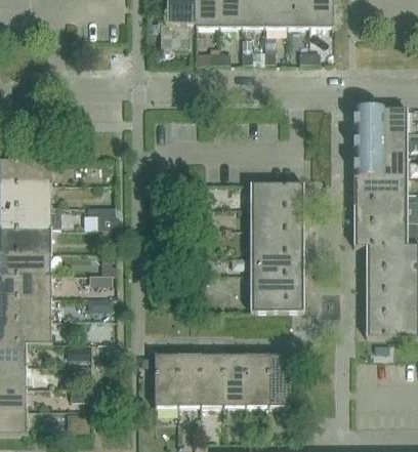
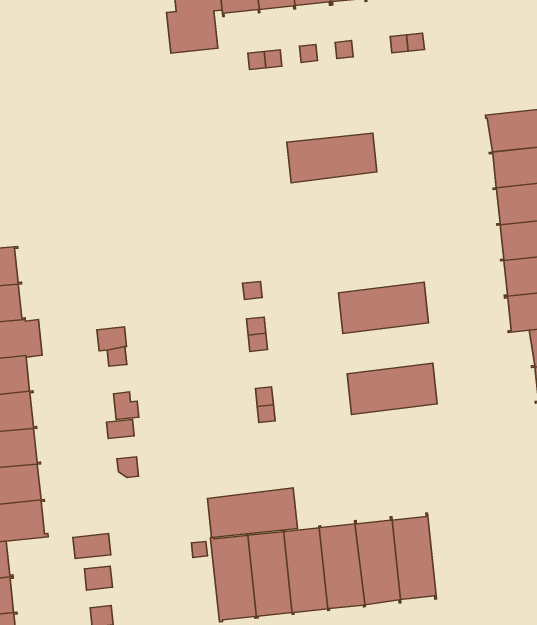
building: [249,182,303,208] -> [287,133,377,183]
building: [249,233,303,259] -> none
building: [249,284,303,310] -> [208,488,297,537]

